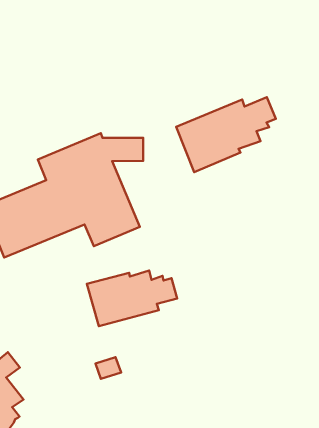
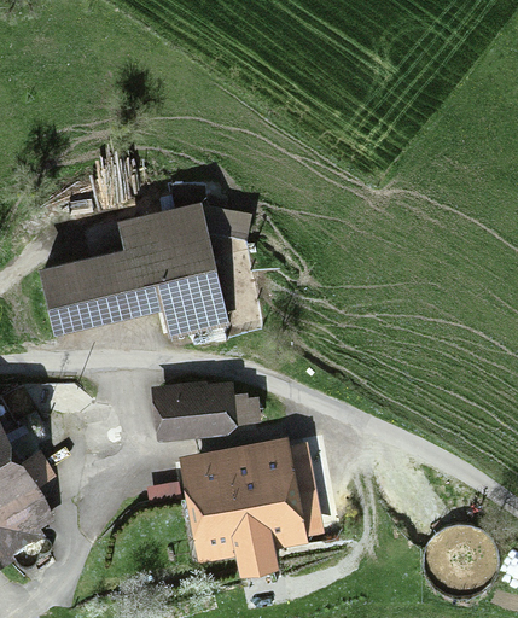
building: [176,97,276,172] -> none
building: none -> [176,437,325,579]

